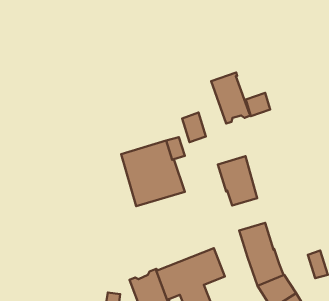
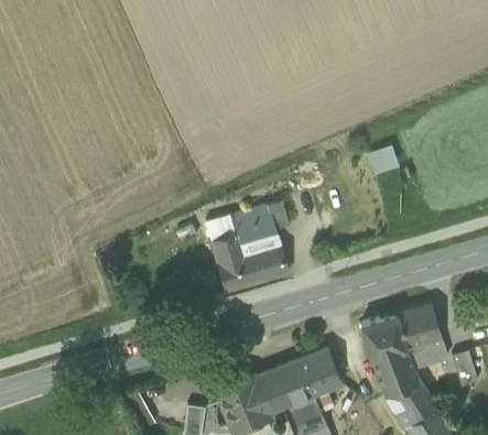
building: [211,73,251,124] -> none
building: [182,113,206,142] -> none
building: [218,156,257,206] -> [394,304,446,369]

